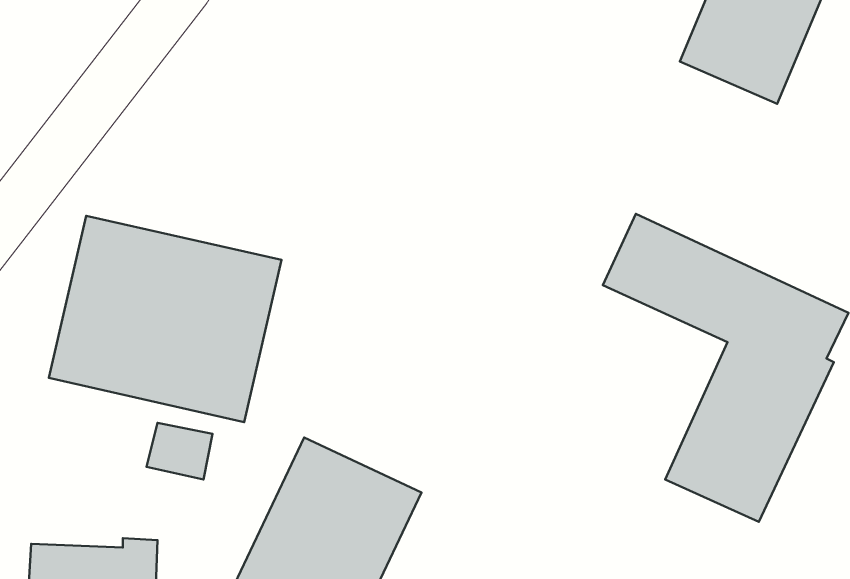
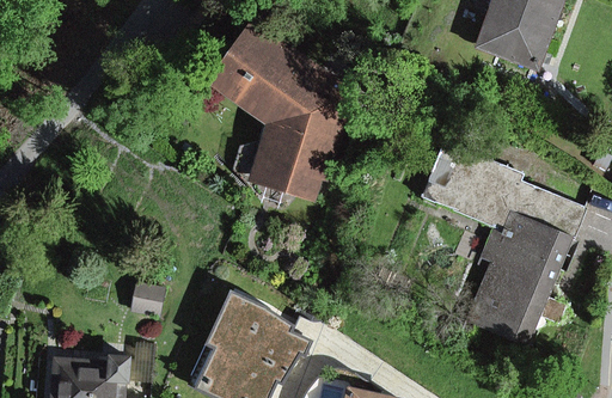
building: none -> [207,16,351,204]
building: [49,216,282,422] -> none

